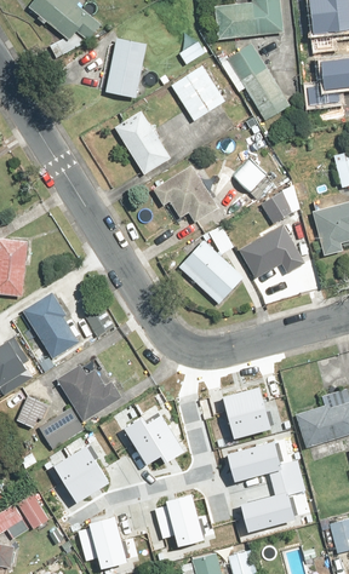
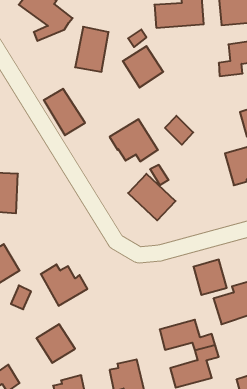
building: [219,44,290,122] -> none
building: [114,111,171,176] -> [44,89,85,135]
building: [259,190,294,224] -> none
building: [239,225,304,280] -> none
building: [22,293,80,357] -> none
building: [221,391,267,440] -> [193,260,227,295]
building: [38,407,85,452] -> none
building: [119,413,179,464] -> none
building: [17,493,48,529] -> none

